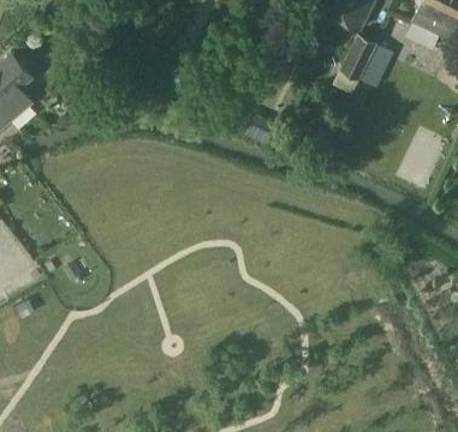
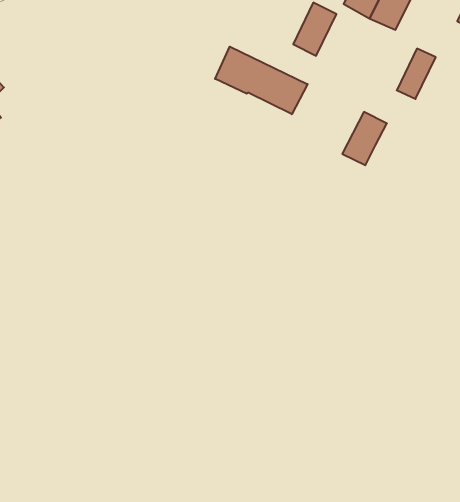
building: [340,35,377,79] -> [342,112,387,165]
building: none -> [215,47,308,114]

